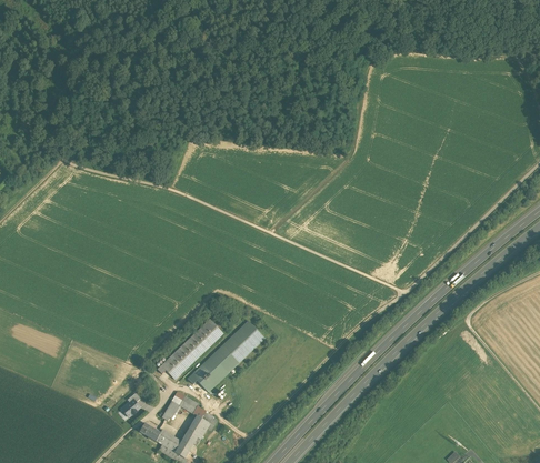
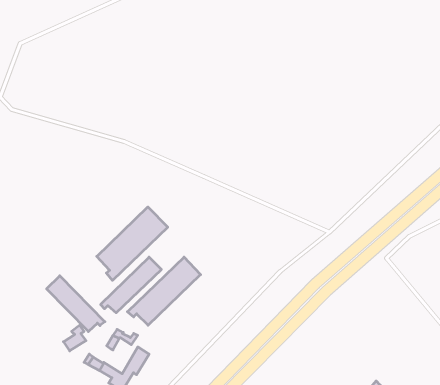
building: none -> [97,207,168,280]
building: none -> [47,276,105,332]

